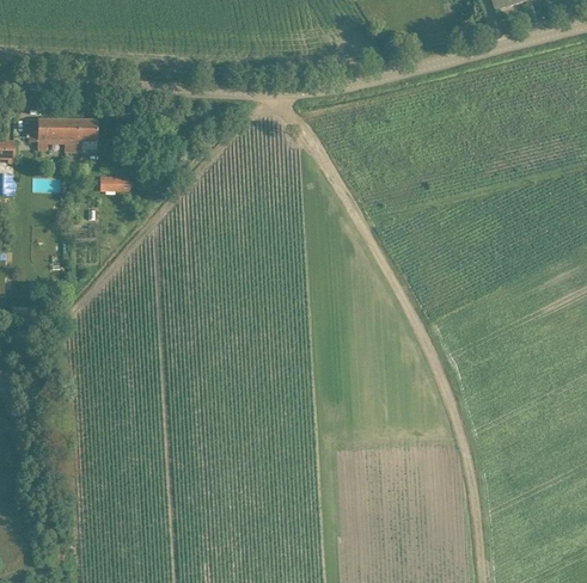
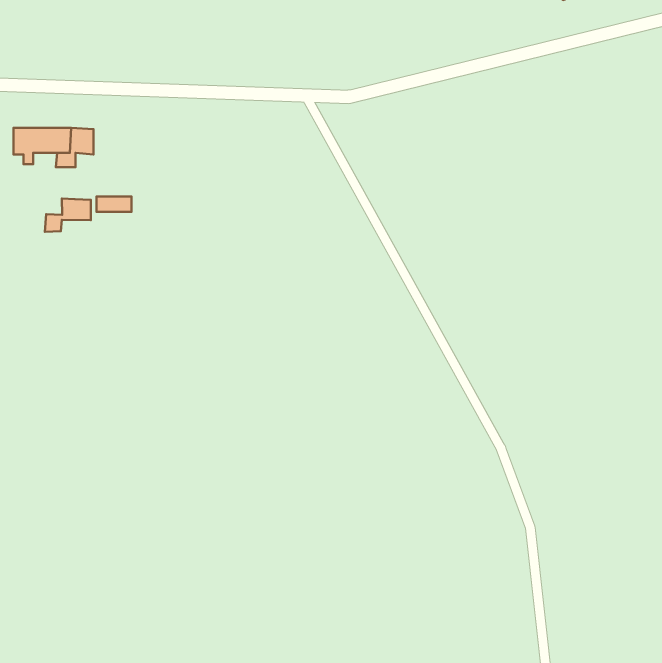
building: none -> [45,198,91,232]

